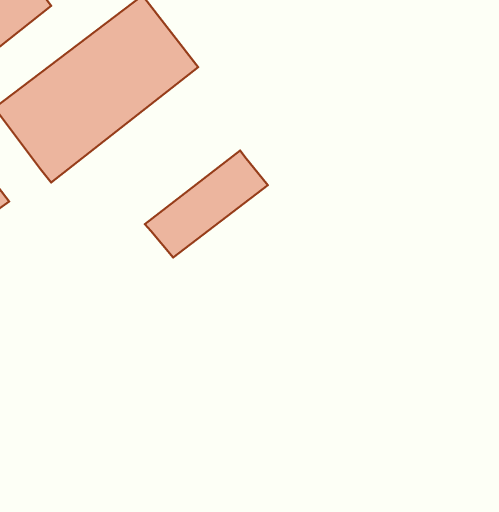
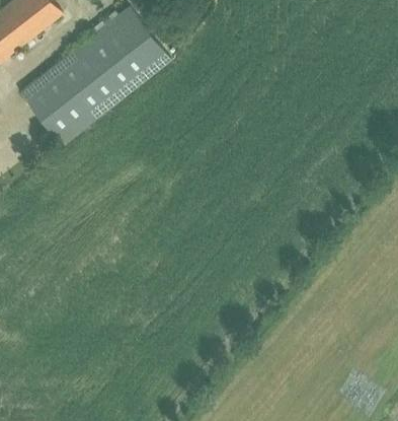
building: [145,150,268,257] -> none

